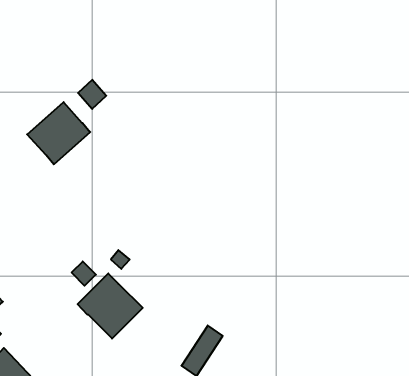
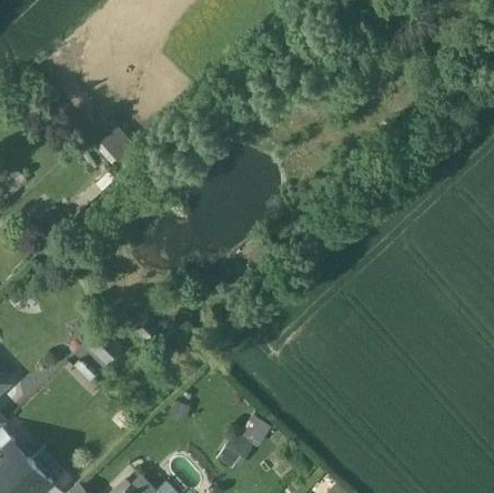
building: [27,102,90,164] -> none
building: [78,273,143,339] -> none

